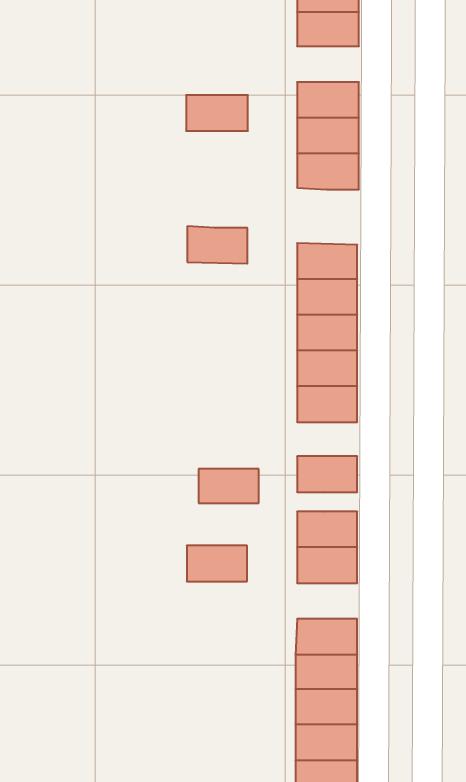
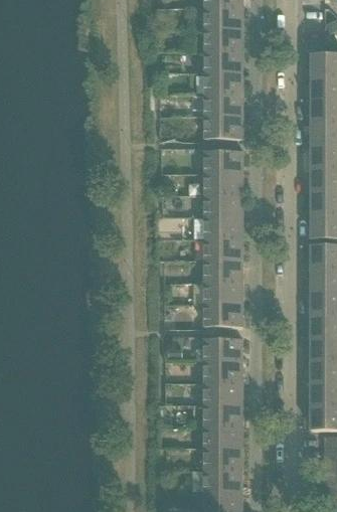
building: [186,95,248,131] -> [204,50,242,72]
building: [187,226,247,264] -> [204,150,241,173]
building: [199,469,259,503] -> [204,283,241,304]
building: [187,546,247,581] -> [204,382,241,404]

